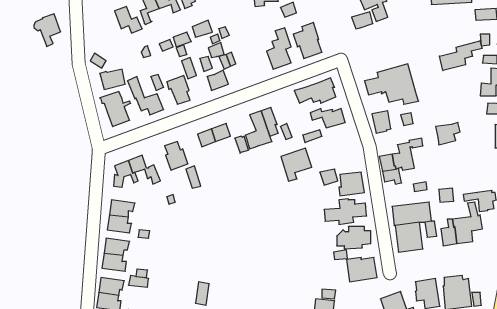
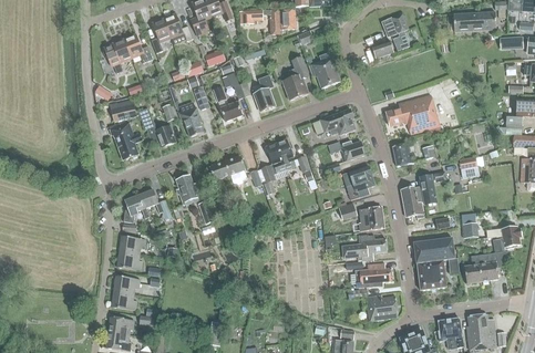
building: [34,14,61,47] -> [103,39,131,73]
building: [439,41,482,71] -> none
building: none -> [254,74,275,111]
building: [281,148,312,181] -> [342,165,374,199]

